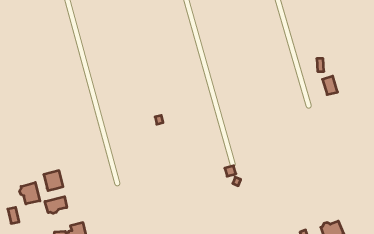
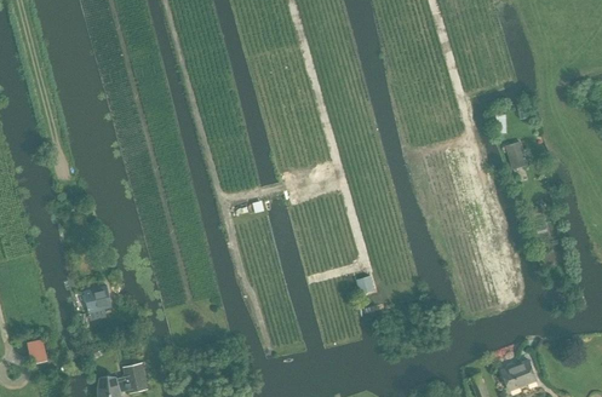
building: [20,182,40,204] -> none
building: [45,197,67,213] -> none

